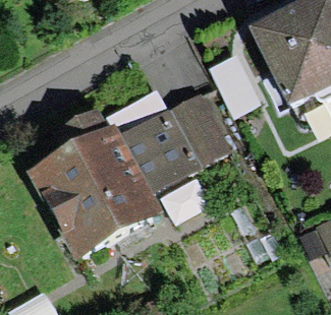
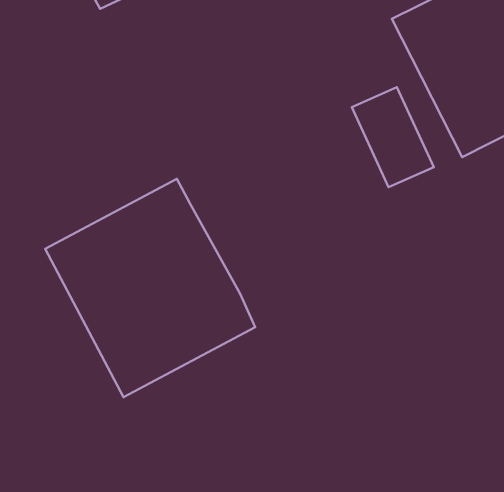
building: [120,90,236,191] -> none

